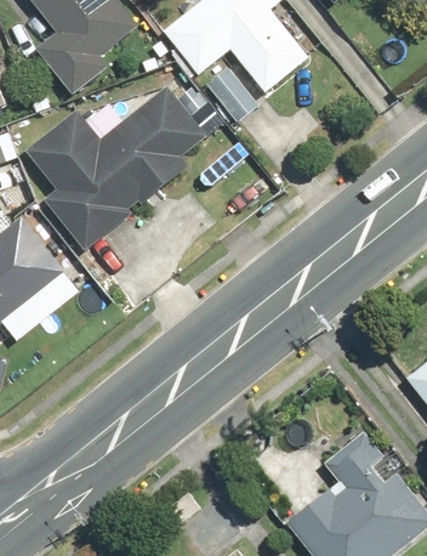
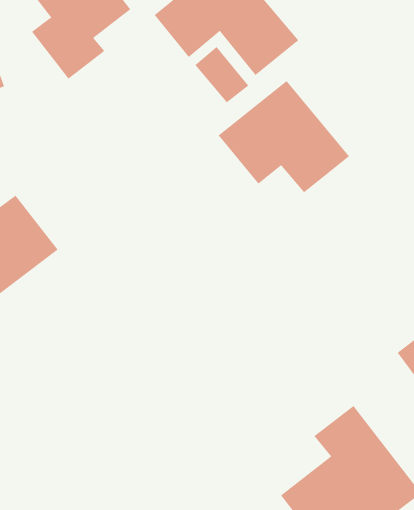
building: [28,84,211,245] -> none
building: none -> [218,80,350,193]

